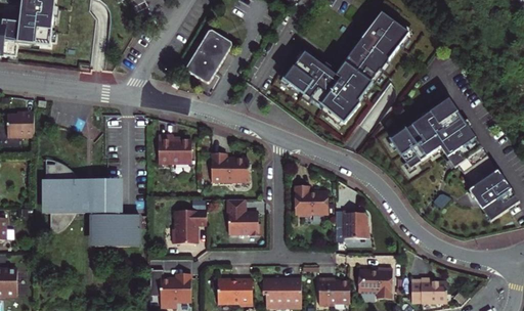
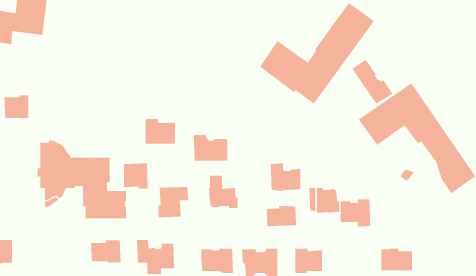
building: [187,24,232,75] -> none
building: none -> [351,59,394,105]
building: none -> [124,163,148,189]
building: none -> [266,205,297,227]
building: none -> [91,239,121,263]
building: [360,268,394,299] -> [340,199,371,227]

